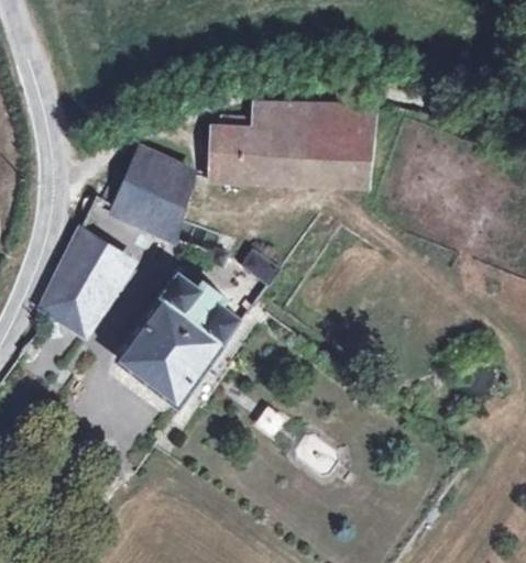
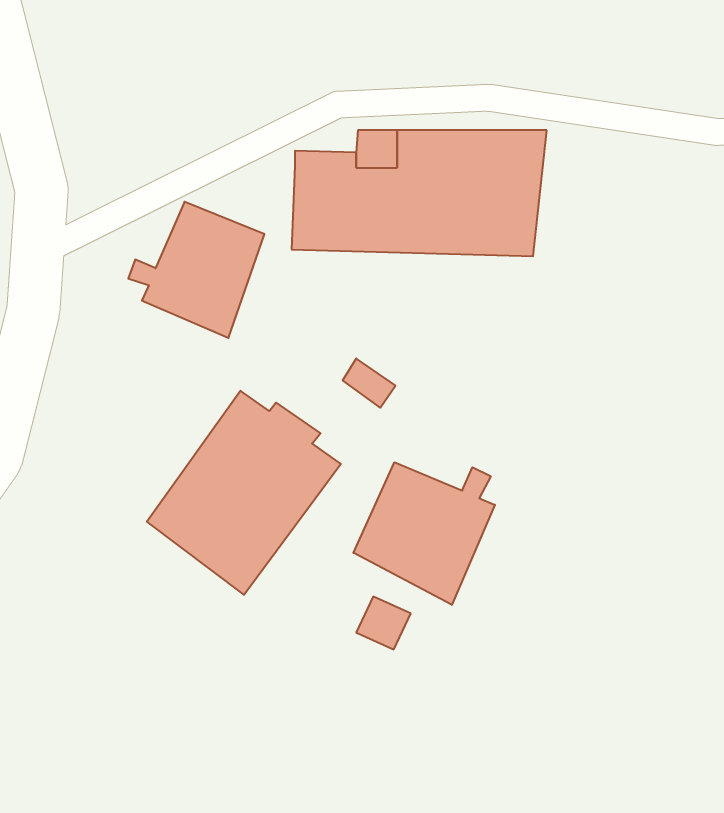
building: [39,232,130,338] -> none
building: none -> [353,462,495,605]

